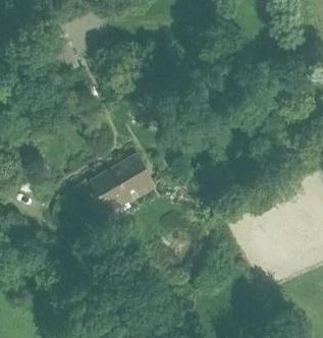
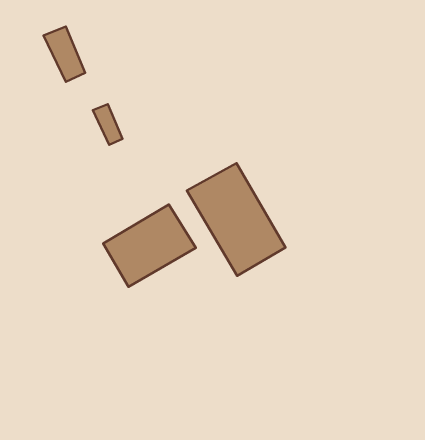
building: none -> [187,163,286,276]

